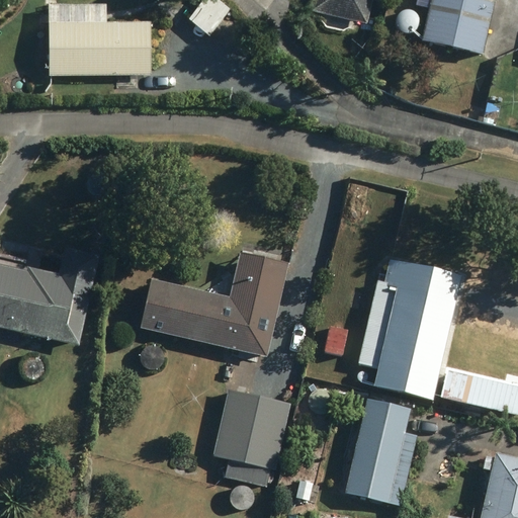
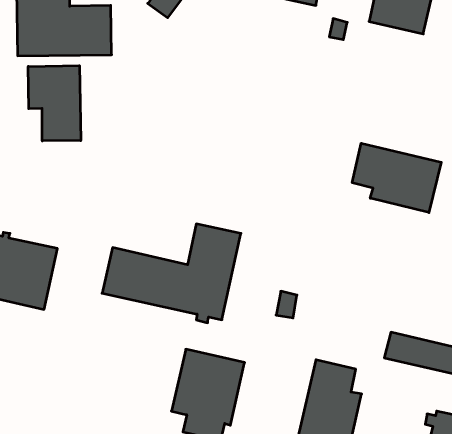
building: none -> [28,66,81,141]
building: none -> [352,143,441,213]
building: [359,259,461,400] -> none

